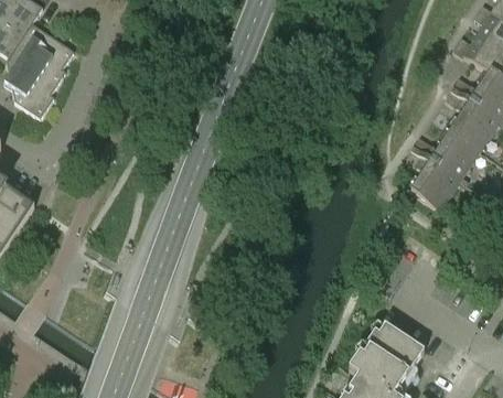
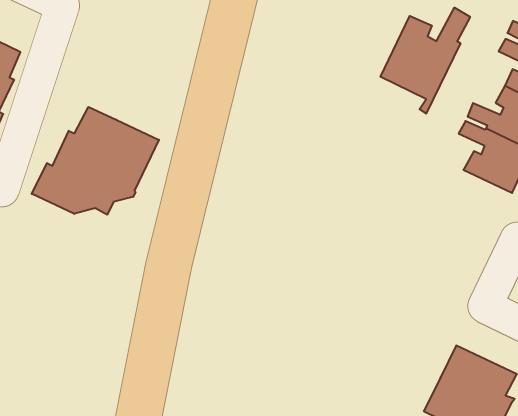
building: none -> [381,8,470,114]
building: none -> [32,107,159,215]

